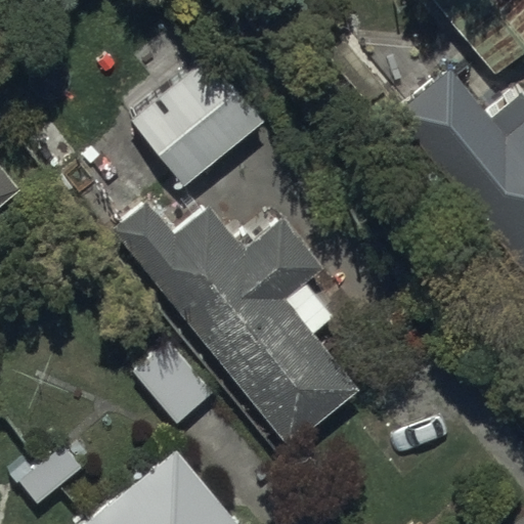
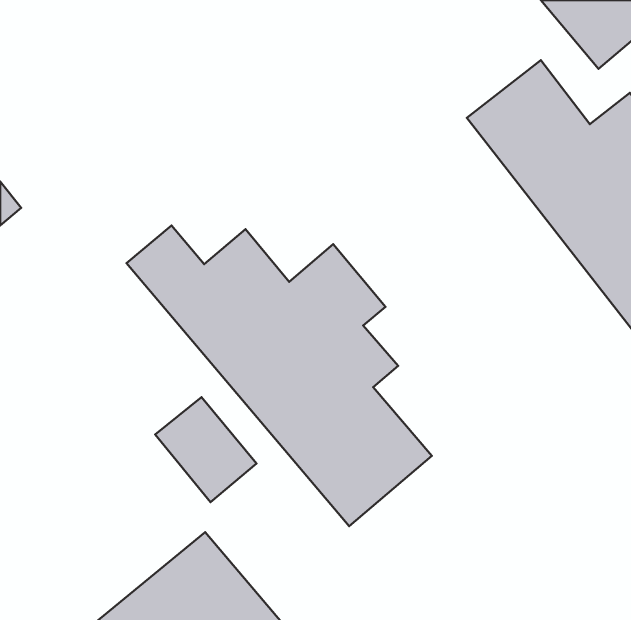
building: [132,43,275,180] -> none

